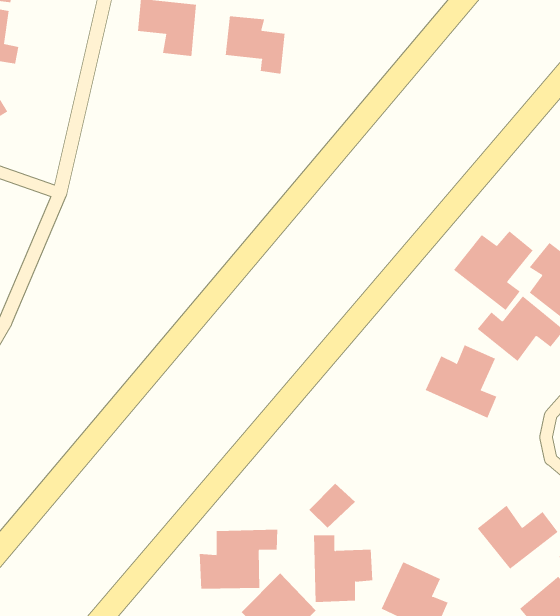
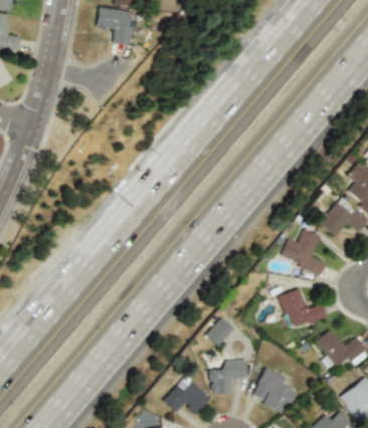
building: [225,16,285,75] -> none
building: [453,230,533,311] -> none
building: none -> [277,287,327,332]
building: [199,529,278,589] -> none

